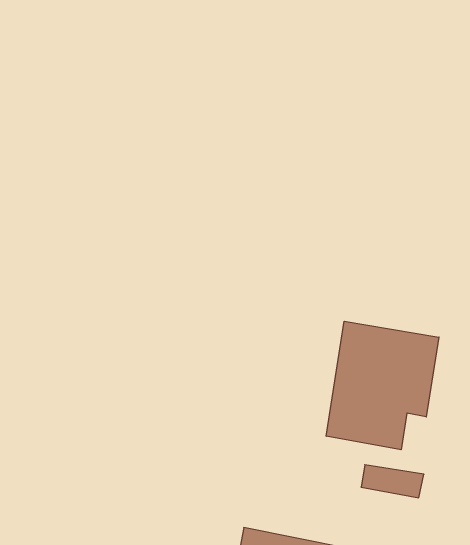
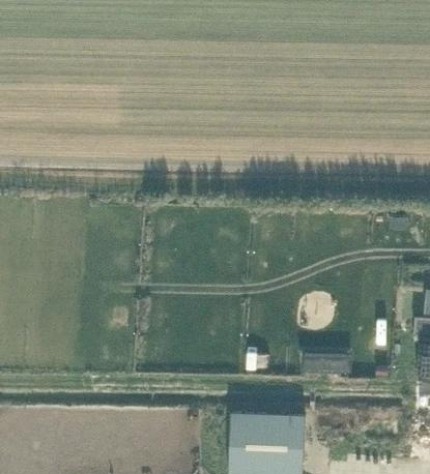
building: [326,321,439,450] -> none

